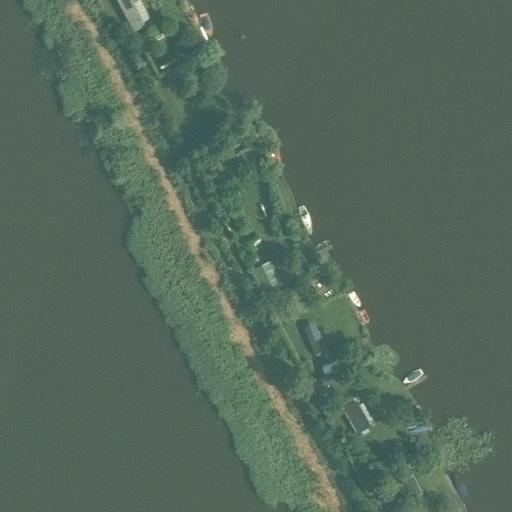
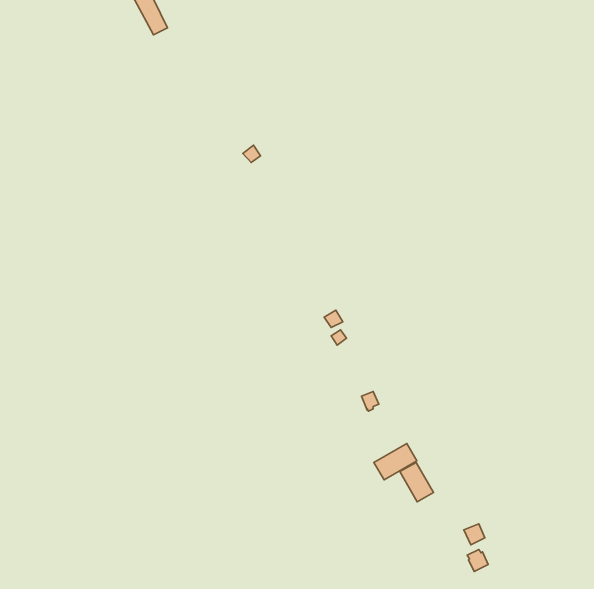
building: none -> [374,443,417,480]

